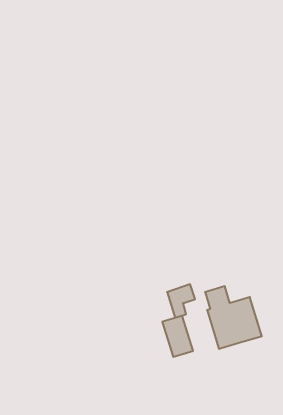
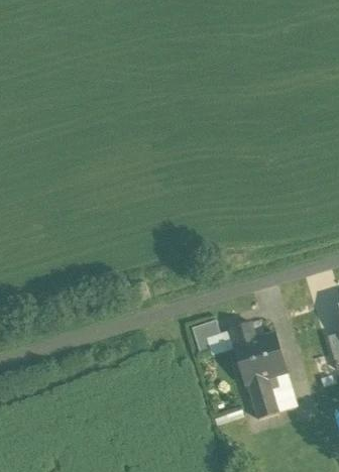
building: [162,316,193,357] -> [247,376,278,418]

